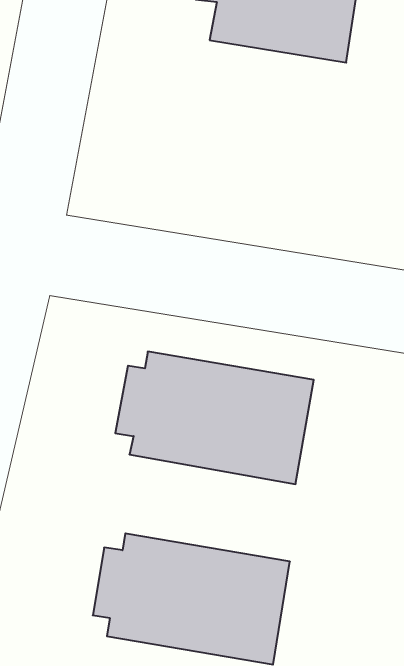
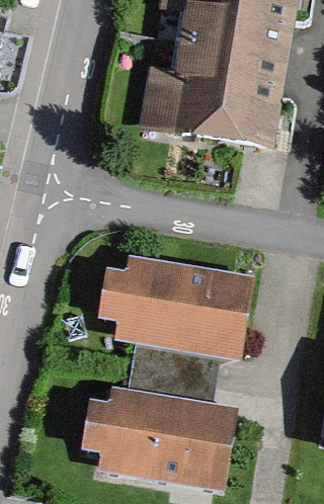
building: none -> [147,37,275,138]

